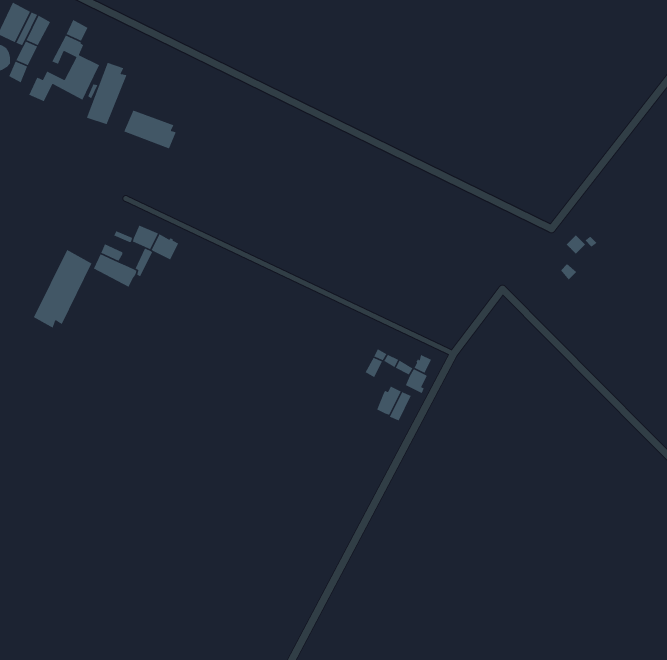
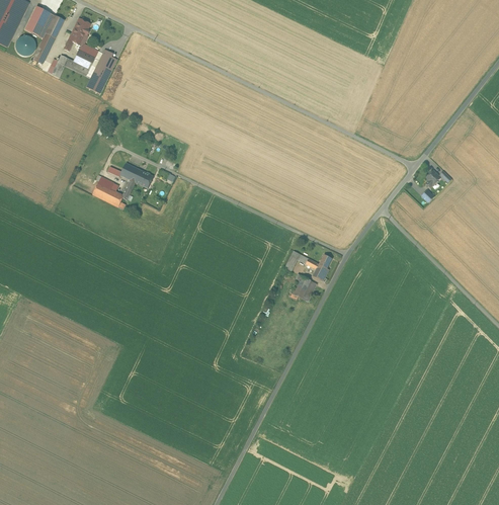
building: [123,110,177,150] -> none
building: [33,249,92,329] -> none

